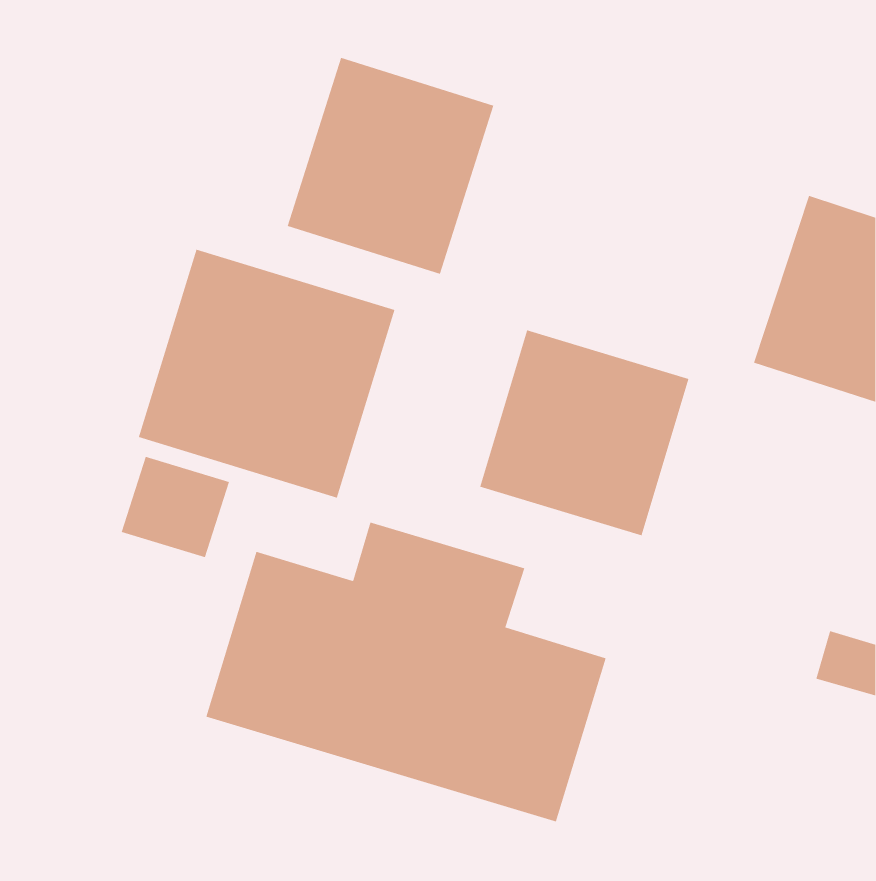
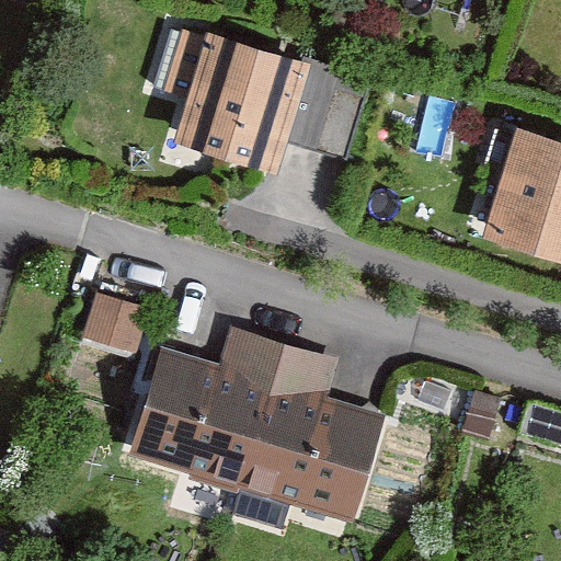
building: [138,249,395,498] -> none
building: [480,330,689,536] -> none

